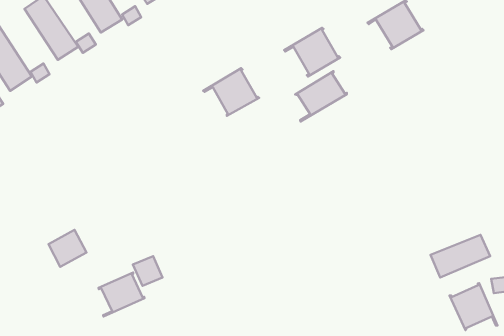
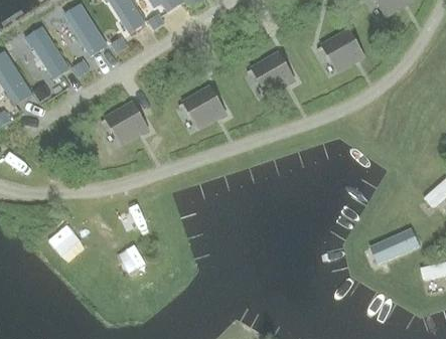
building: [295,71,347,122] -> none
building: none -> [100,104,147,145]
building: [99,273,144,316] -> none
building: [450,283,497,330] -> none

